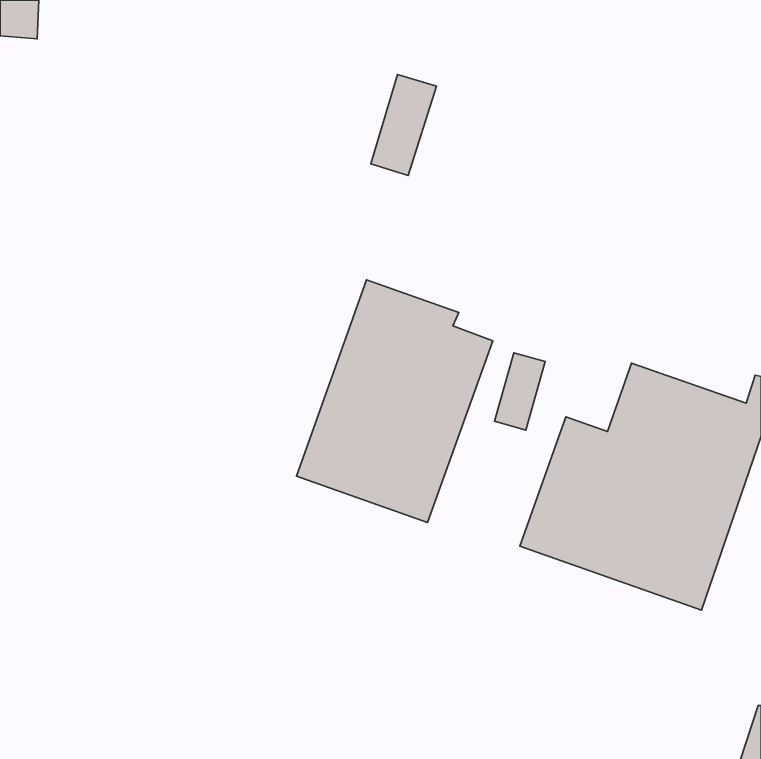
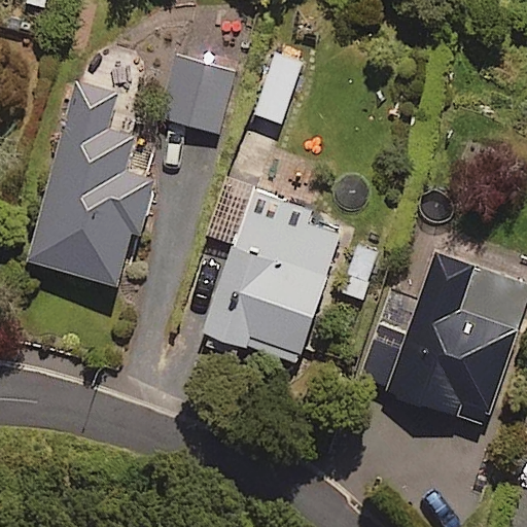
building: none -> [162,57,236,132]
building: none -> [28,83,154,283]

